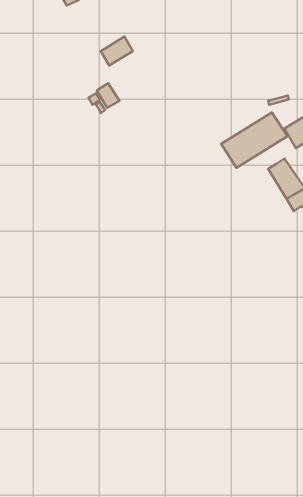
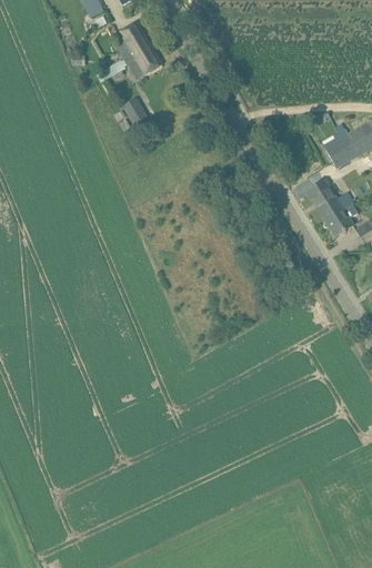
building: none -> [100,21,153,79]
building: [221,112,287,168] -> none

